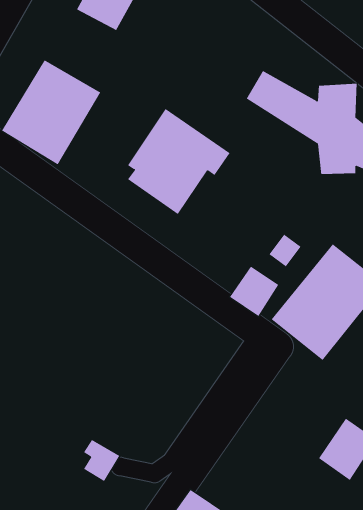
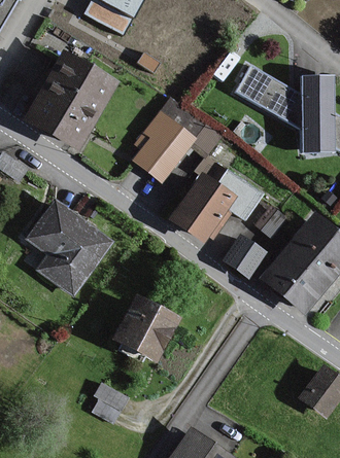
building: none -> [166,169,263,245]
building: none -> [28,199,110,295]
building: none -> [109,298,180,364]

